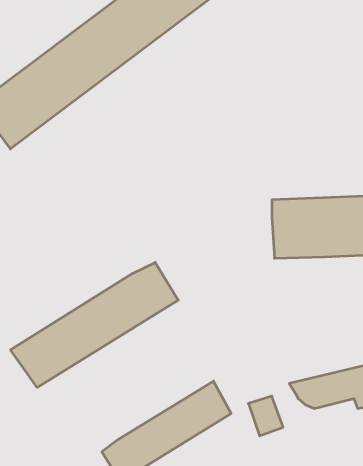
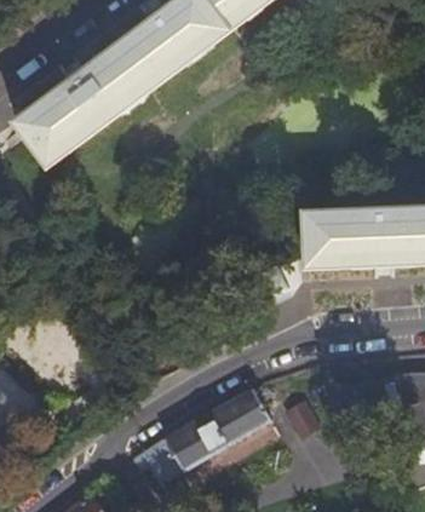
building: [11,262,178,387] -> none

